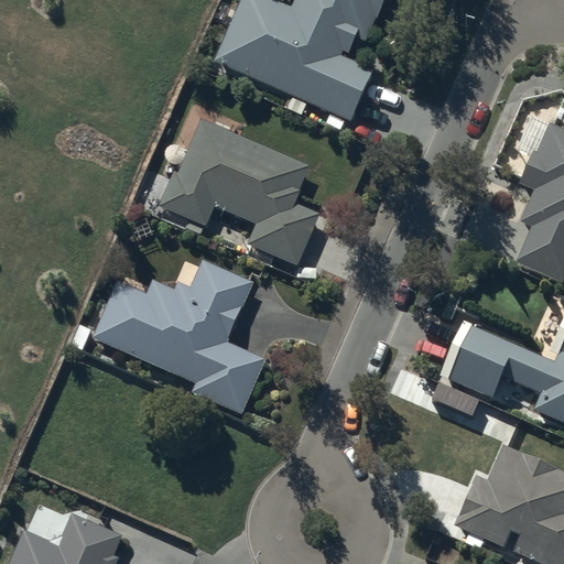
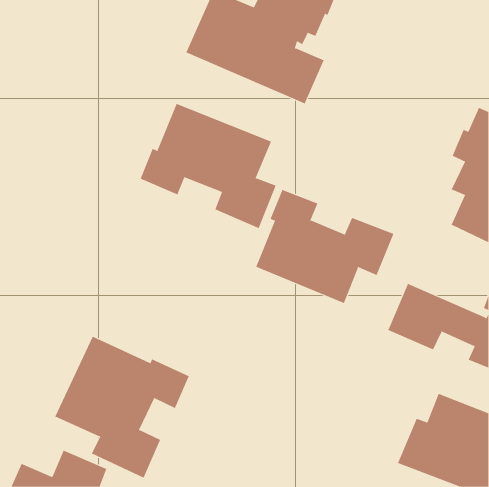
building: none -> [256,189,394,304]
building: [93,260,267,414] -> none
building: none -> [54,336,190,478]

